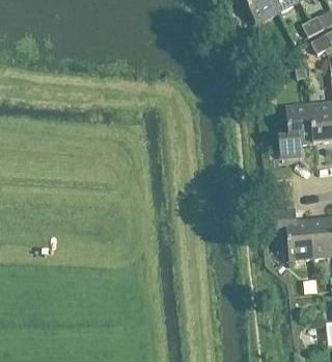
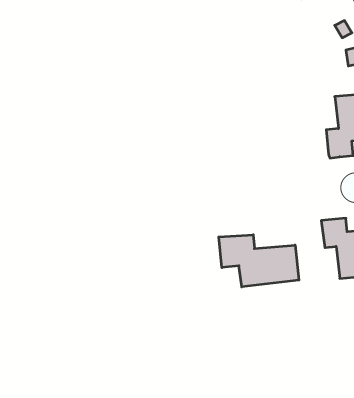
building: none -> [219,235,299,287]

